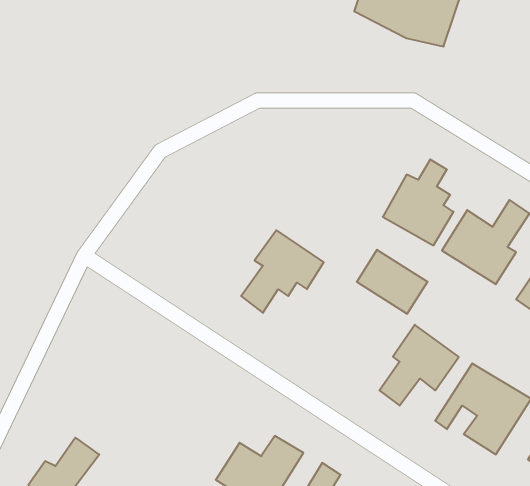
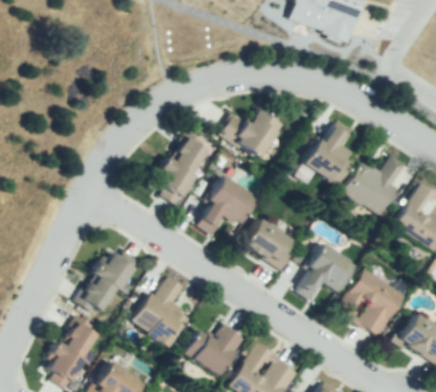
building: none -> [230,107,283,156]
building: none -> [159,138,207,196]
building: [357,250,428,314] -> [244,220,295,266]
building: none -> [71,256,129,315]
building: none -> [131,274,188,345]

